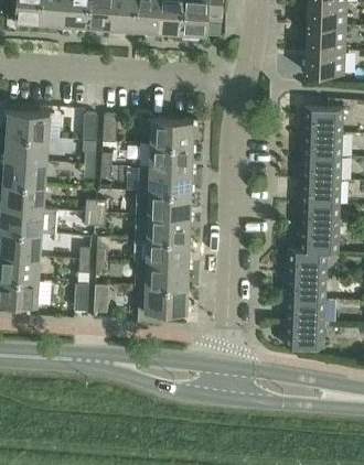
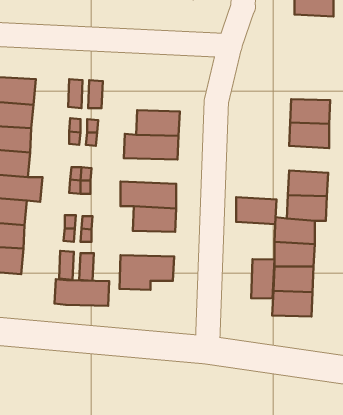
building: [306,48,345,75] -> none
building: [303,107,343,133] -> none
building: [151,118,194,144] -> none
building: [301,179,341,205] -> [236,197,276,224]
building: [135,191,191,216] -> none
building: [135,261,189,288] -> [55,279,109,306]
building: none -> [251,259,275,298]

